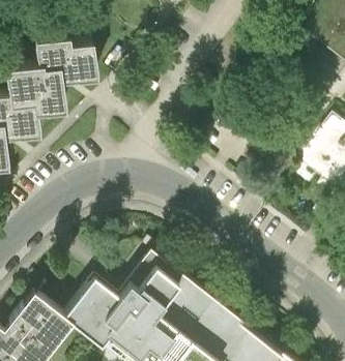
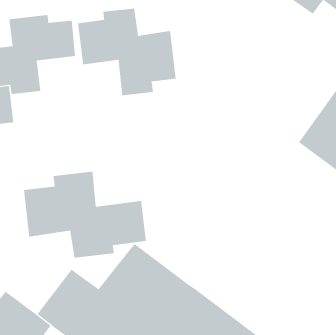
building: none -> [78,8,176,96]
building: none -> [24,171,147,258]

